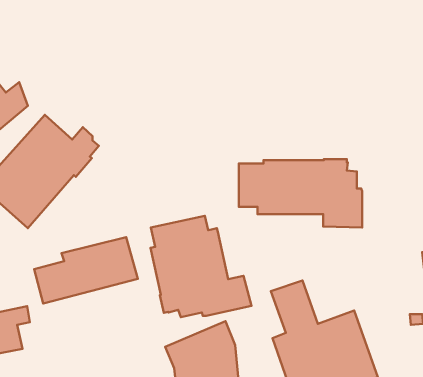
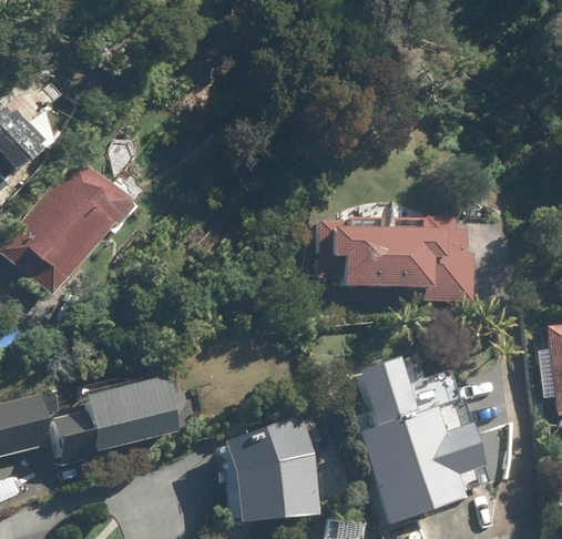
building: [151,216,251,317] -> none
building: [34,237,138,304] -> [50,380,180,464]

